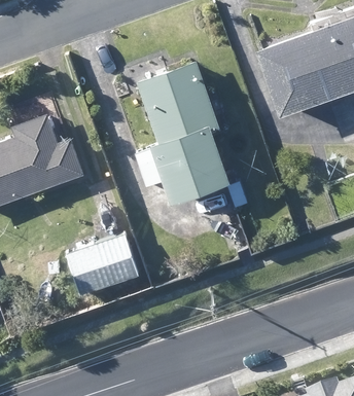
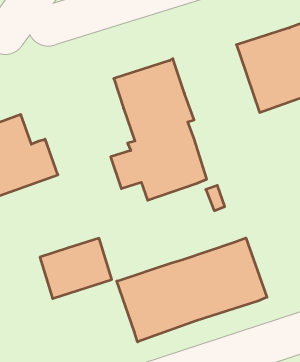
building: none -> [117,238,267,342]

